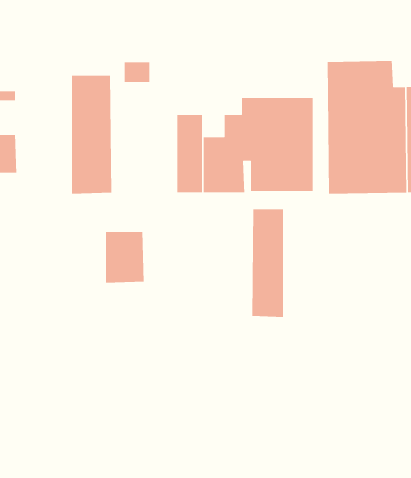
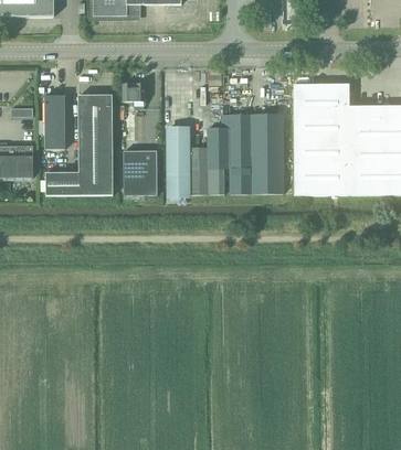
building: none -> [44,95,65,149]
building: none -> [45,172,78,195]
building: [251,209,284,318] -> none
building: [105,231,145,284] -> [124,151,157,195]

